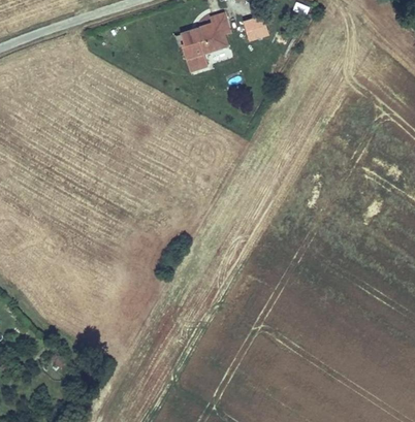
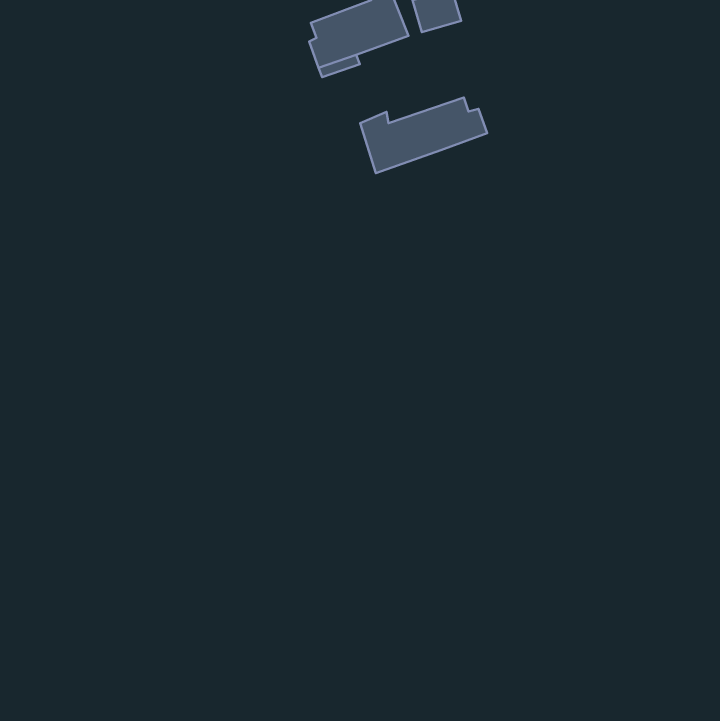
building: none -> [360,97,487,173]

